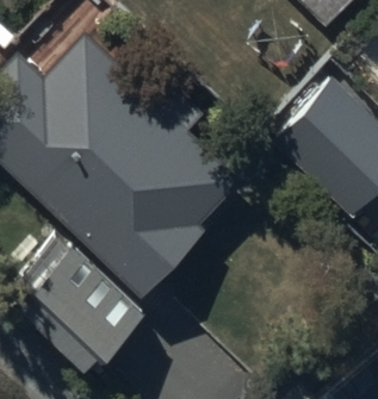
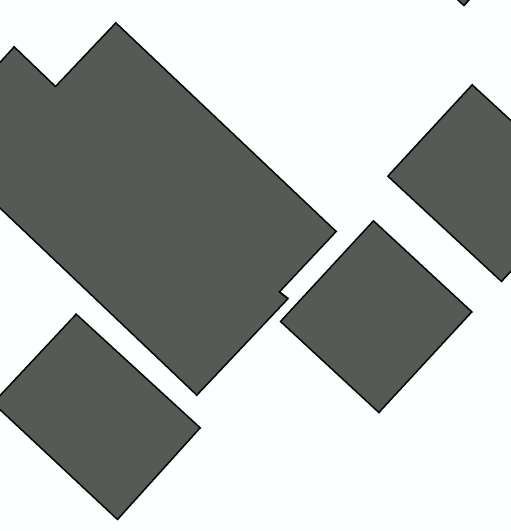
building: none -> [281,221,472,413]

